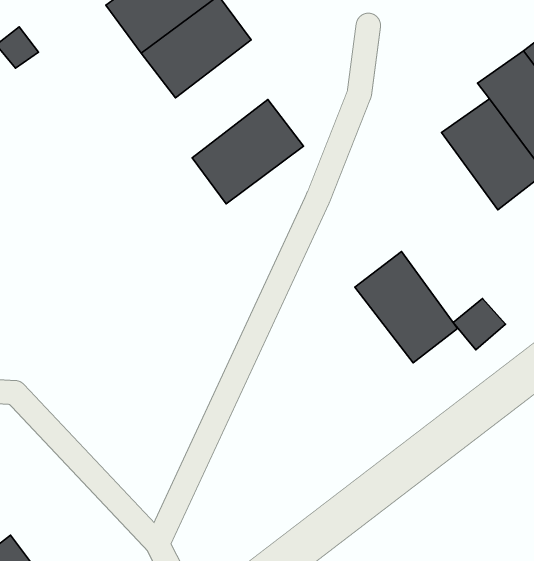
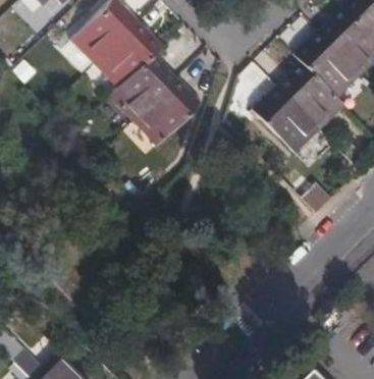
building: none -> [112,57,175,121]
building: [355,251,458,363] -> [255,88,318,152]

